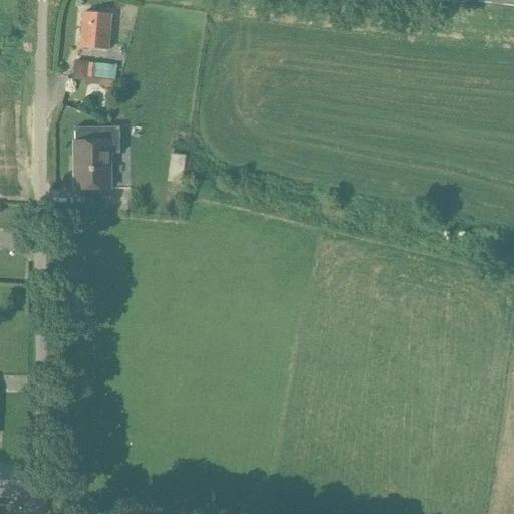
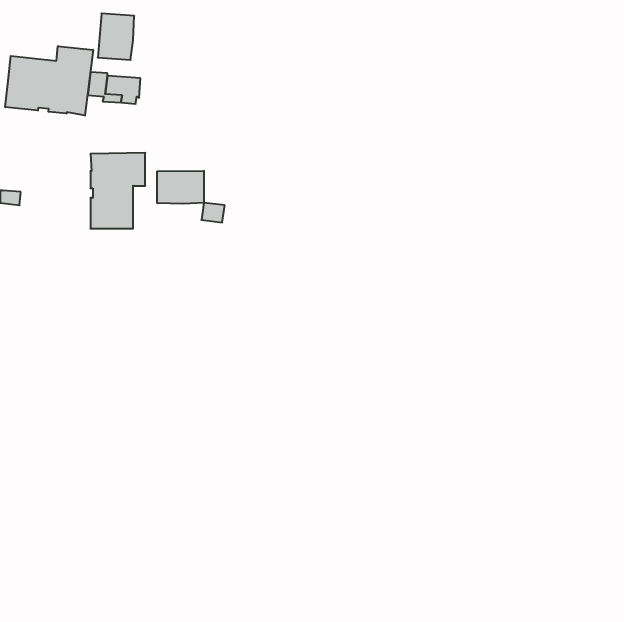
building: none -> [5,46,93,116]
building: none -> [157,171,204,204]

